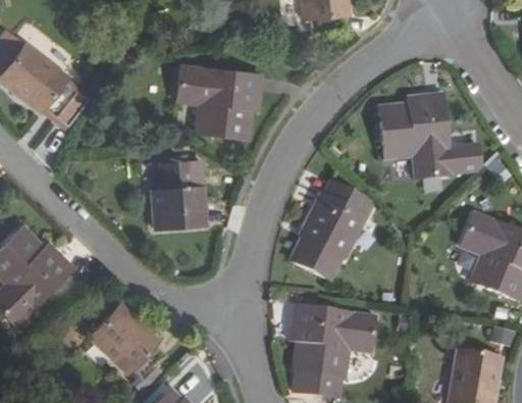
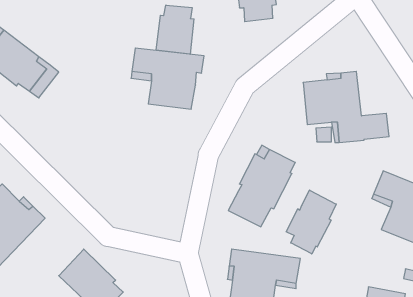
building: none -> [156,5,194,54]
building: [151,161,206,228] -> none
building: none -> [286,190,336,254]

